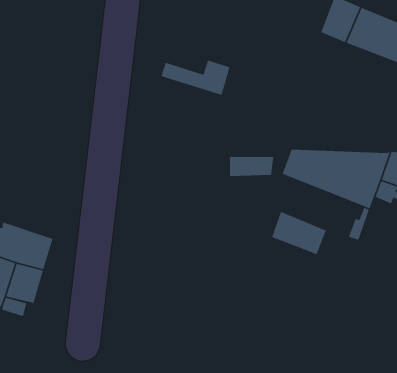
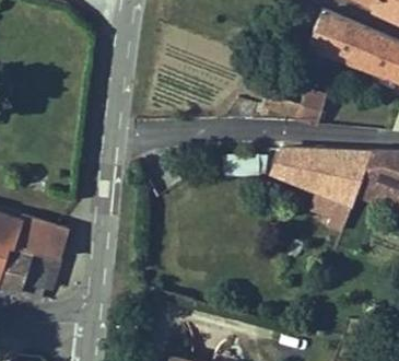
building: [160,59,231,96] -> [262,92,326,125]
building: [271,211,327,255] -> none

